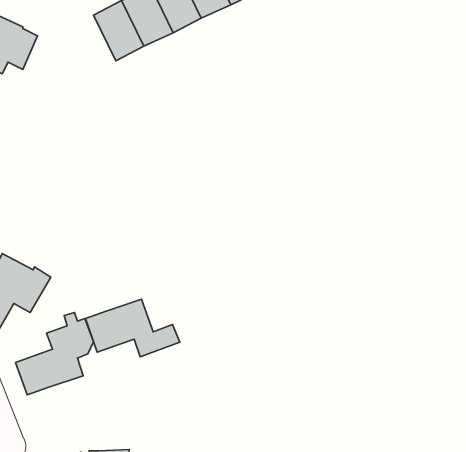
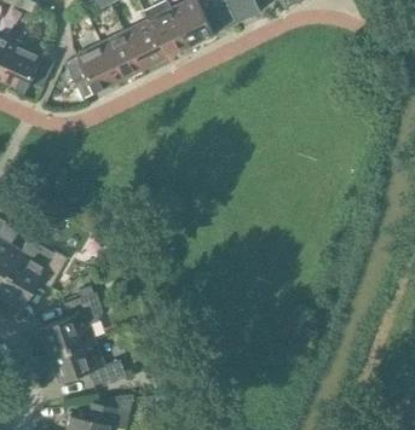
building: none -> [65,43,120,99]
building: [85,299,180,357] -> [47,339,125,387]

